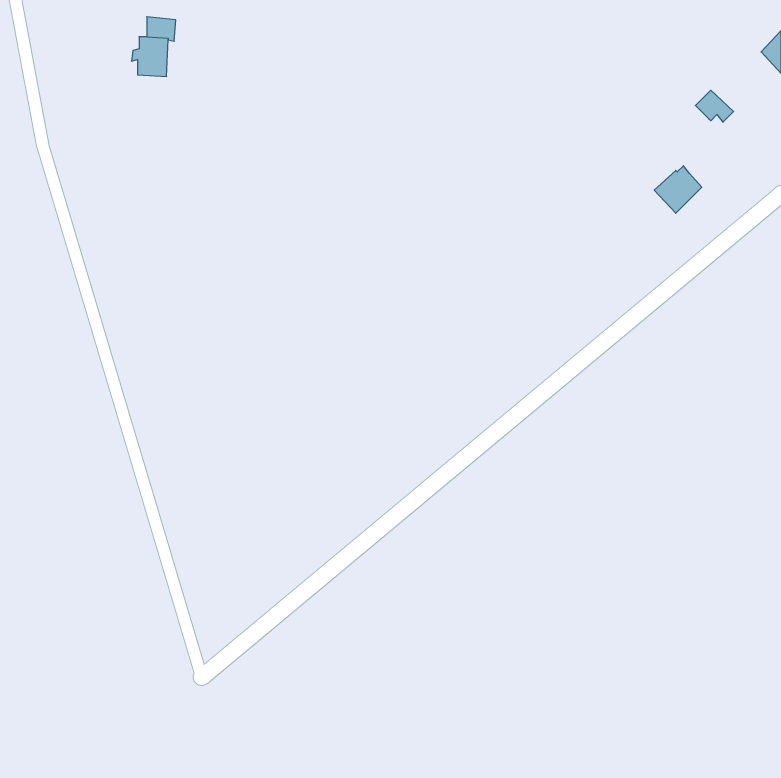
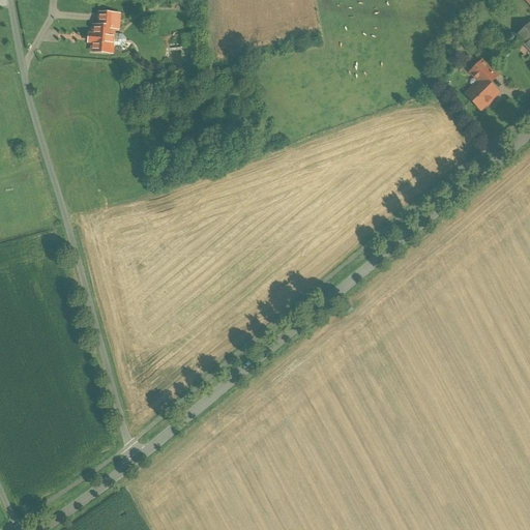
building: [654,166,702,213] -> [466,78,498,110]

